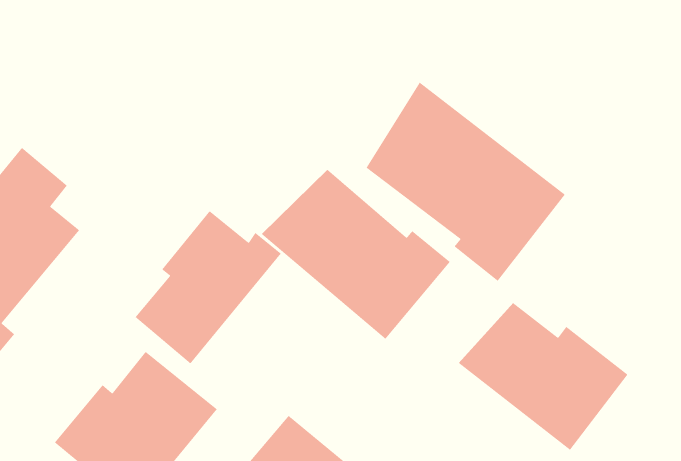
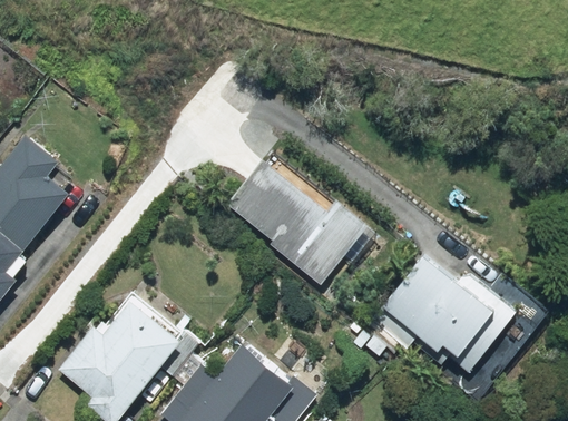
building: [366,81,566,282] -> none
building: [134,210,282,365] -> none

